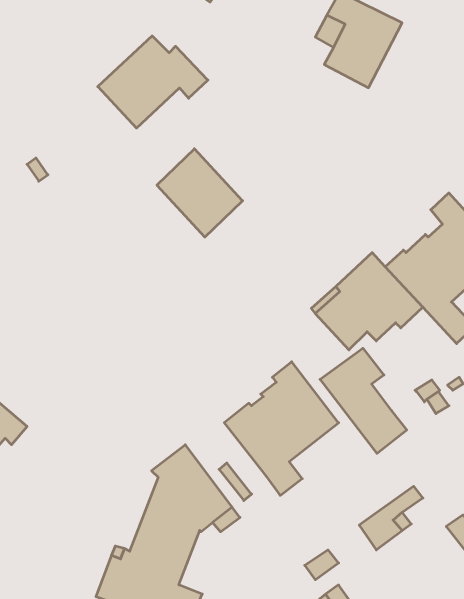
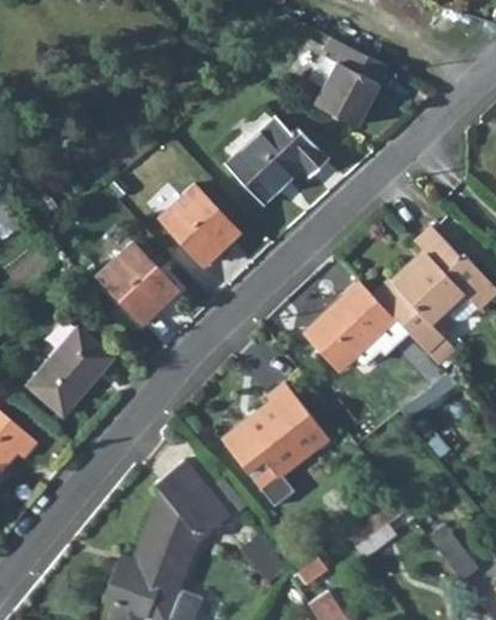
building: [98,36,208,128] -> [225,119,328,205]
building: none -> [97,241,178,323]
building: none -> [27,328,114,417]
building: [320,348,407,453] -> none

